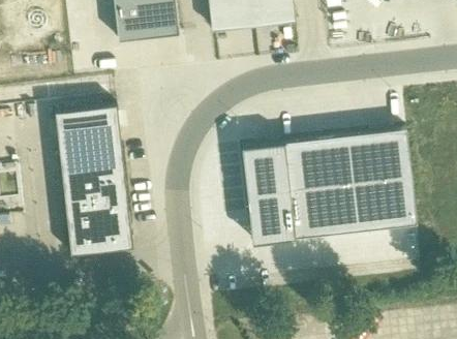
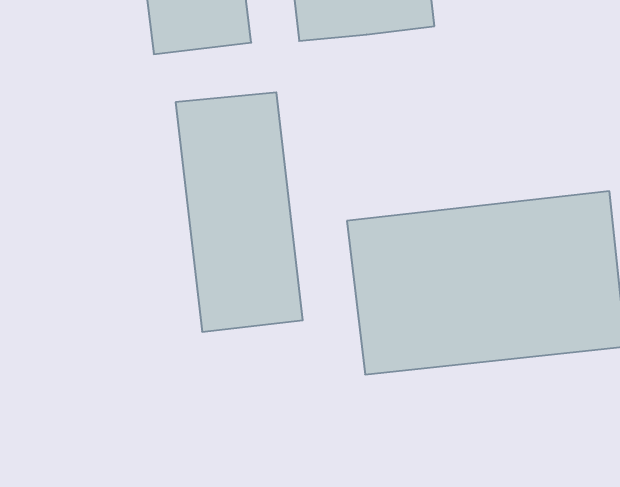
building: [54,102,133,252] -> [176,92,303,332]

